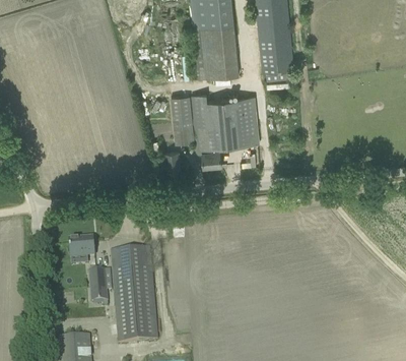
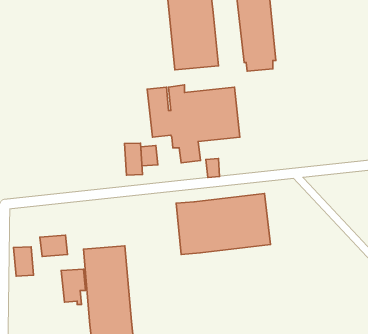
building: none -> [124,143,143,175]
building: none -> [176,193,271,254]
building: none -> [14,247,33,276]

